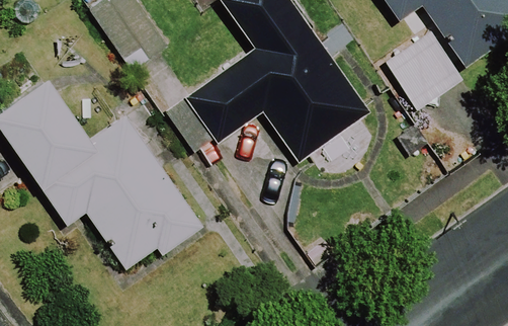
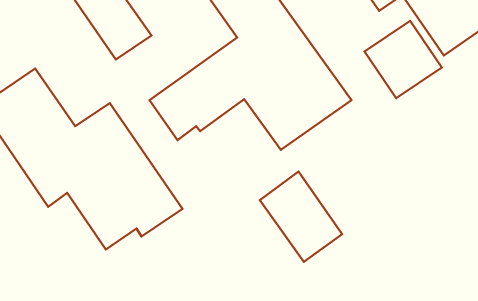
building: none -> [260,172,342,262]

